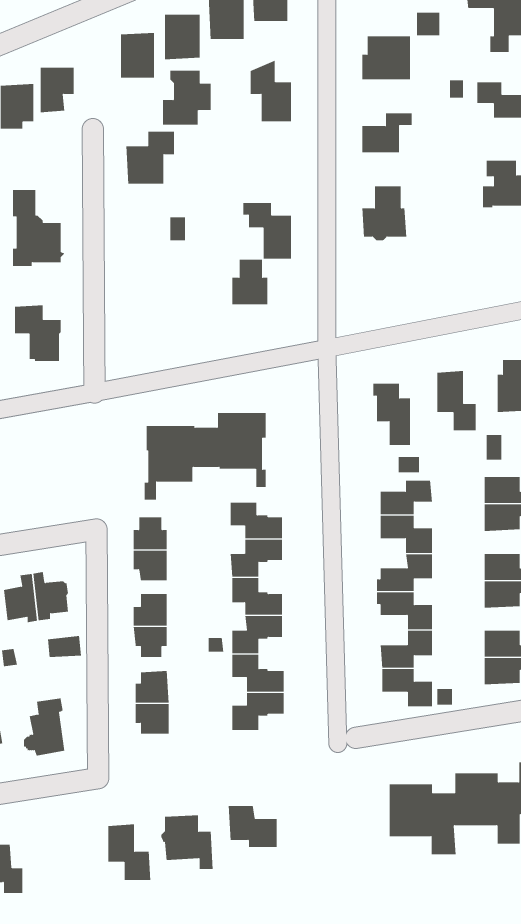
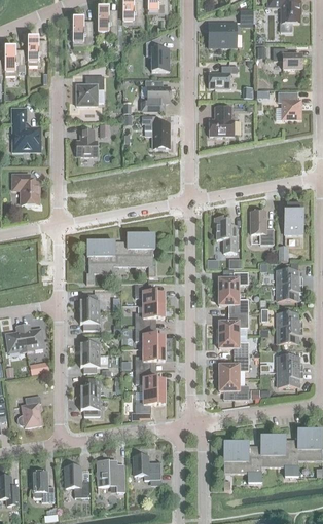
building: [162,70,211,125] -> [141,79,169,110]
building: [232,259,268,305] -> [76,129,97,155]
building: none -> [32,470,53,500]

